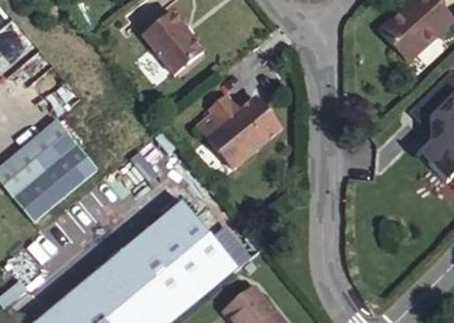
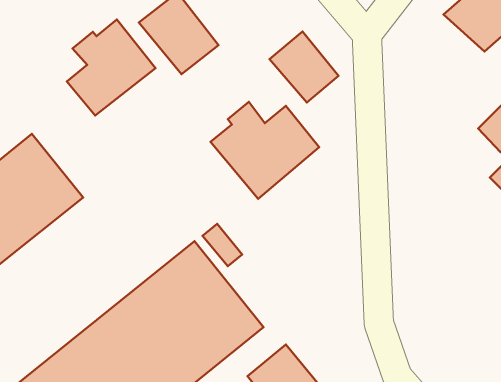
building: none -> [67,19,155,116]
building: none -> [270,32,338,103]

